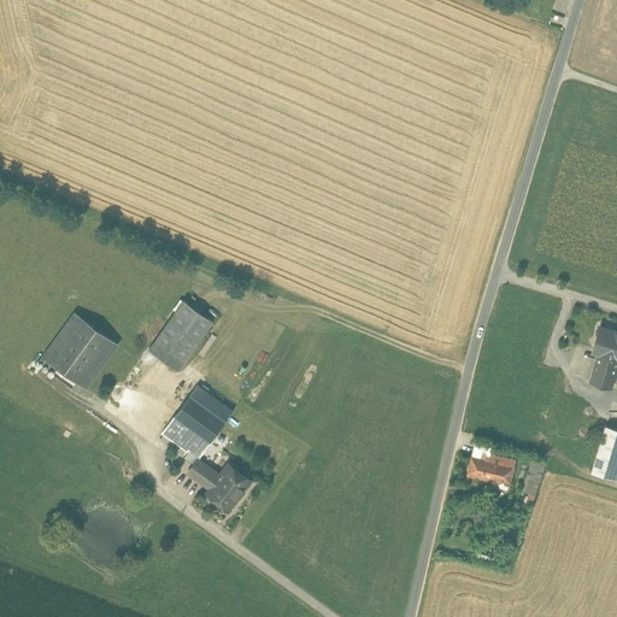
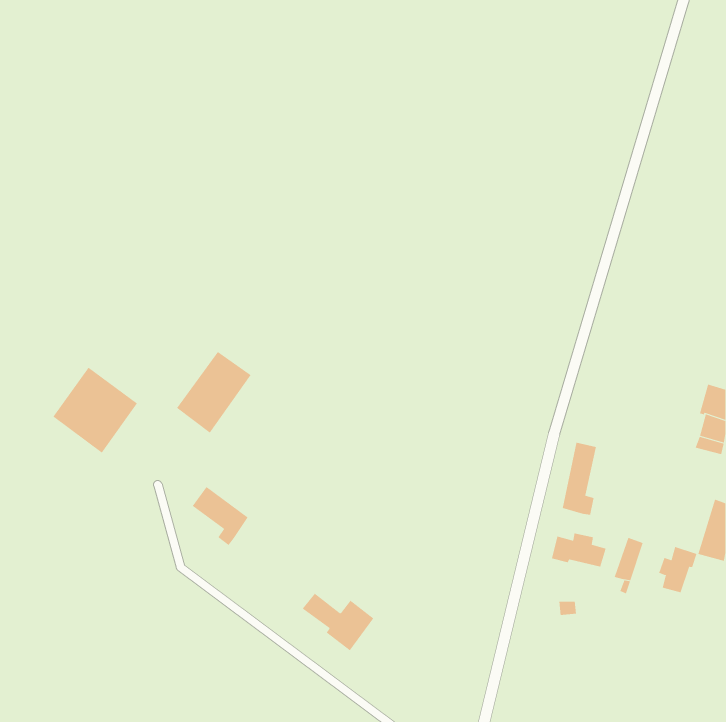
building: none -> [562,442,596,516]
building: [175,386,234,442] -> none
building: [188,460,249,510] -> [302,593,374,651]
building: none -> [658,546,697,593]

